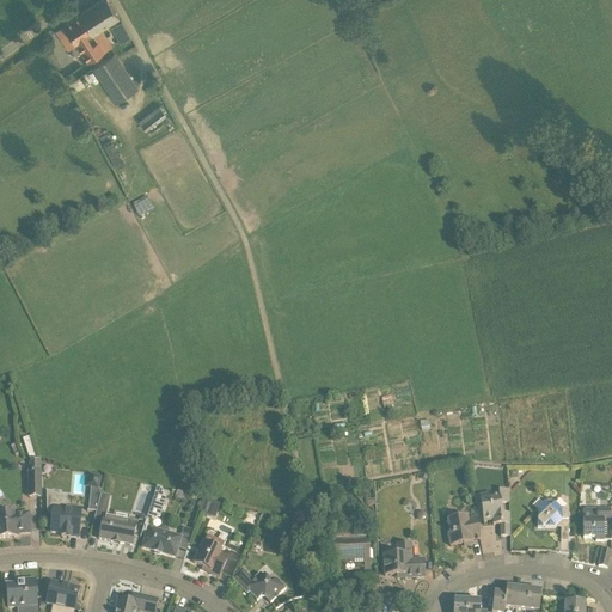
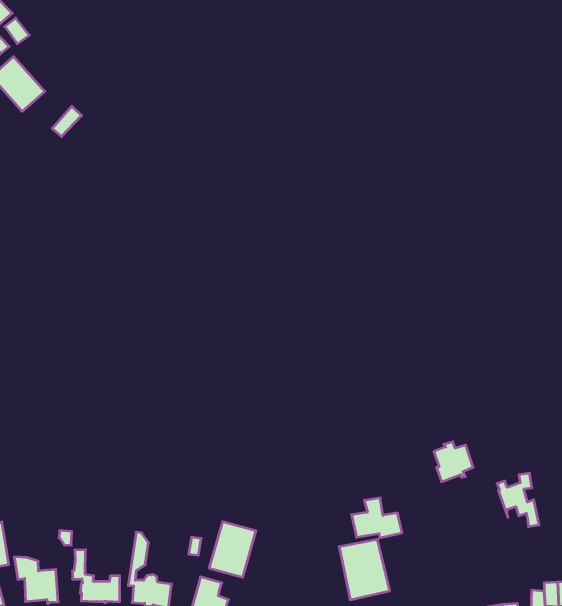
building: none -> [209,522,256,577]
building: [447,510,479,544] -> [434,442,473,482]
building: [382,541,424,576] -> [351,498,402,538]

